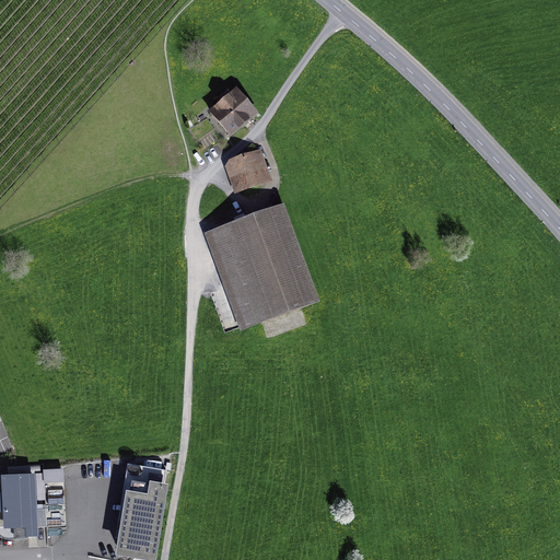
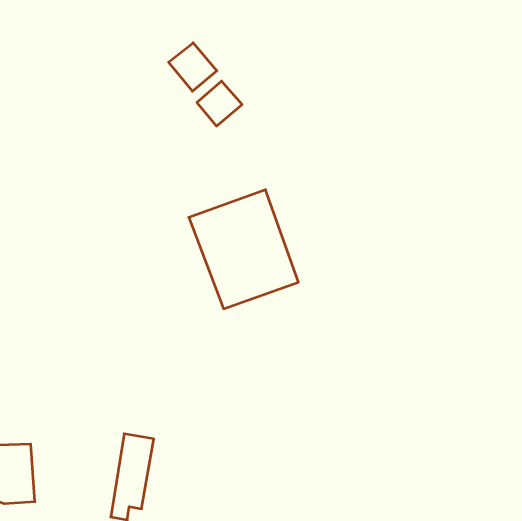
building: none -> [169,43,217,91]
building: [225,150,266,190] -> none

